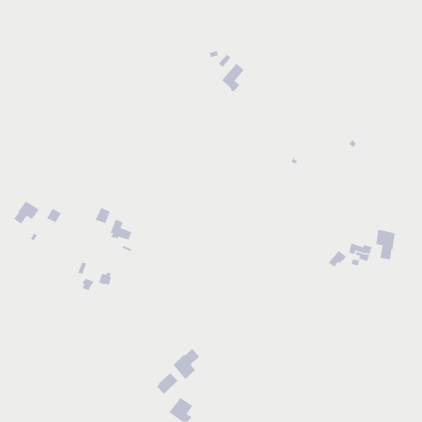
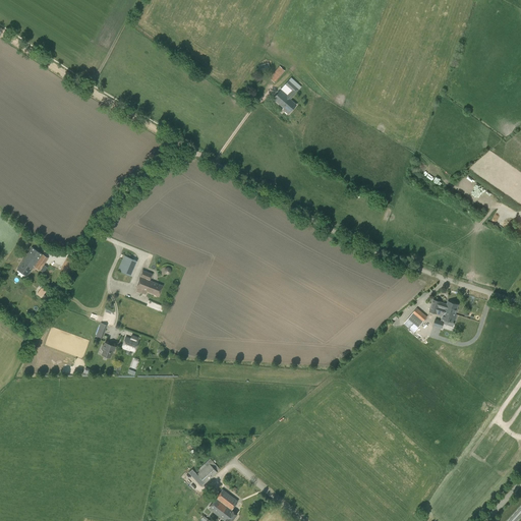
building: [376,229,395,260] -> none
building: [173,348,200,380] -> none

